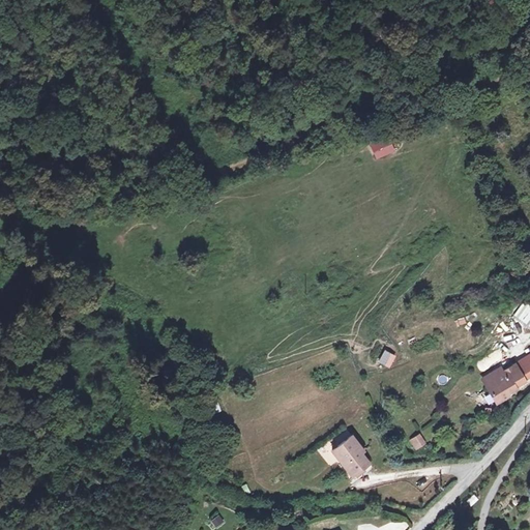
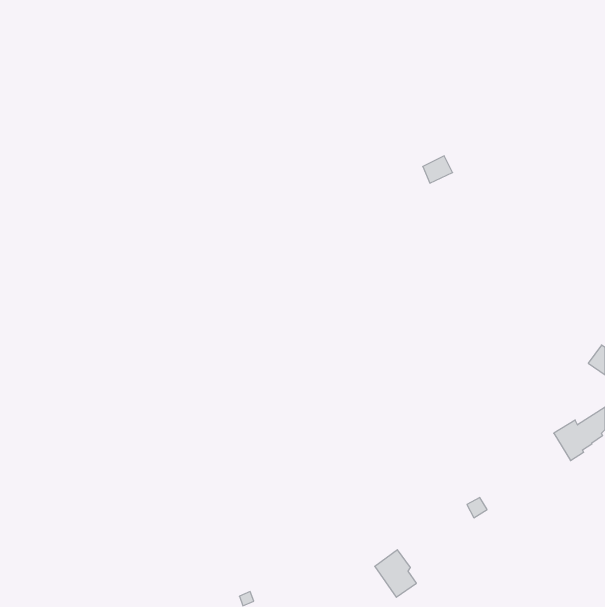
building: [335,435,372,476] -> [375,550,416,597]

